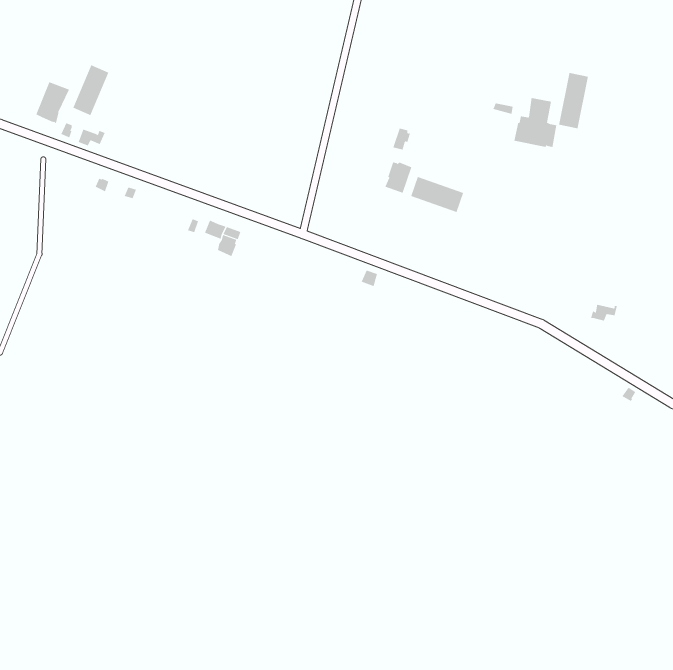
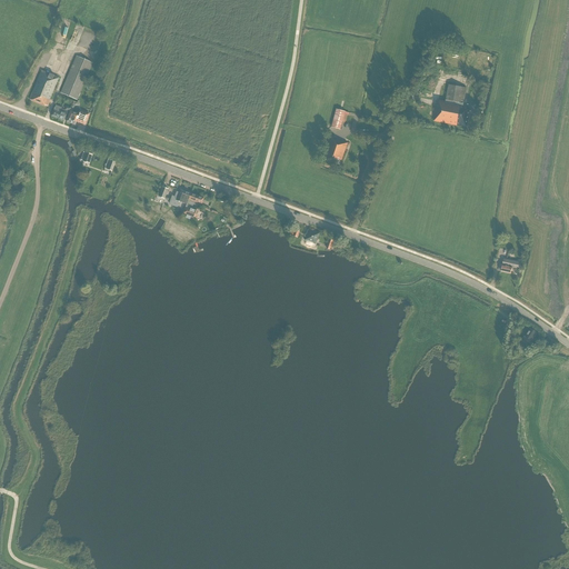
building: [559,72,589,129] -> none
building: [411,176,464,213] -> none

